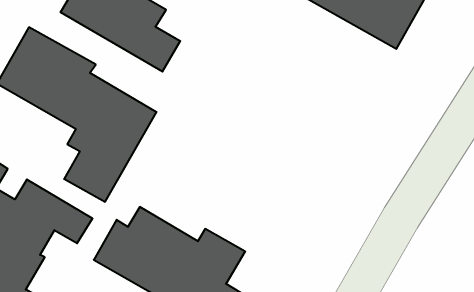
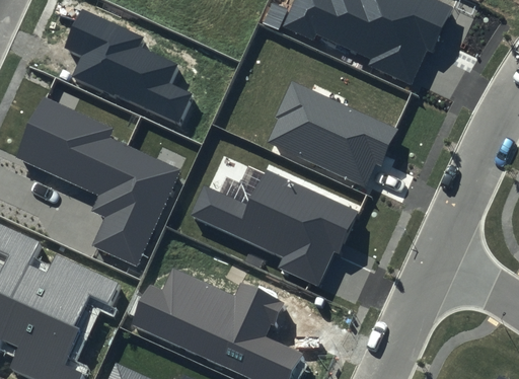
building: none -> [267,80,397,185]
building: none -> [191,168,359,286]

